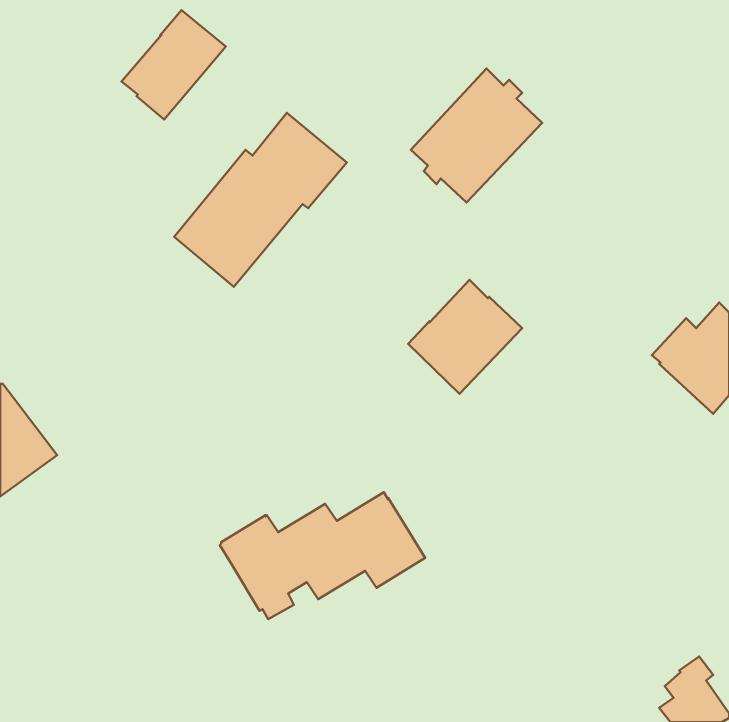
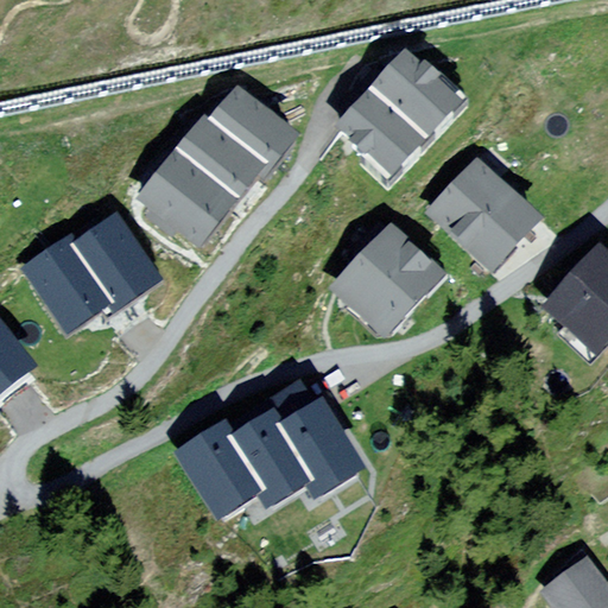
building: [121,10,226,120] -> none
building: none -> [432,164,532,264]
building: none -> [32,226,150,323]

